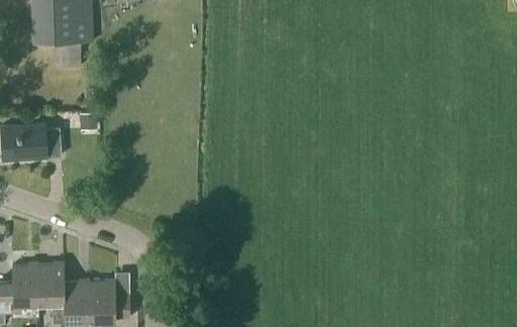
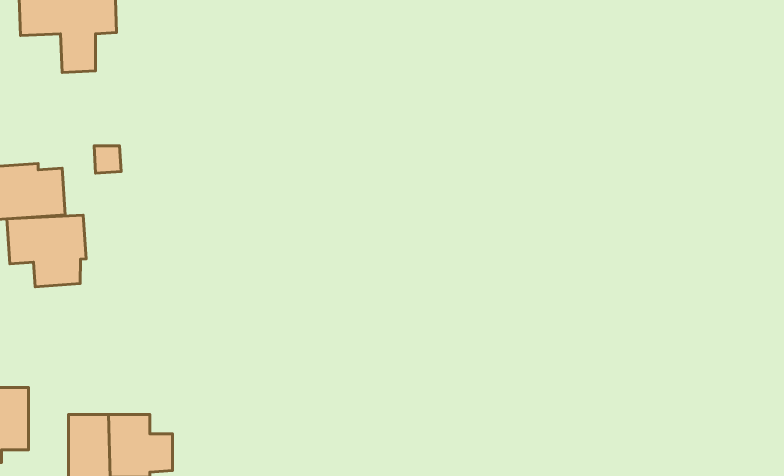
building: none -> [7,215,86,287]
building: [38,264,64,305] -> none

